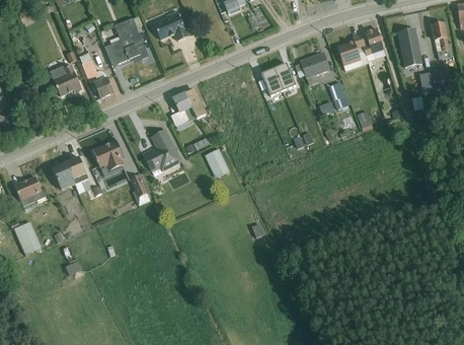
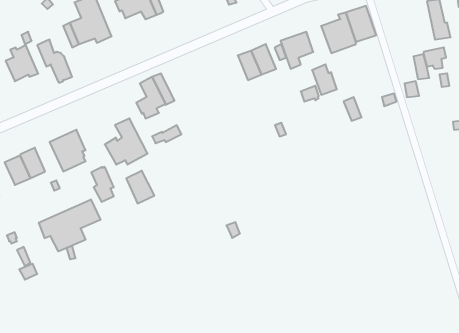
building: [398,29,421,67] -> none
building: [205,148,230,178] -> [126,171,154,203]
building: none -> [39,199,100,251]

